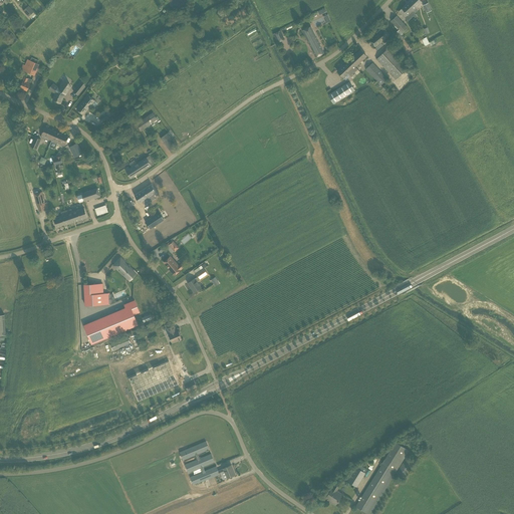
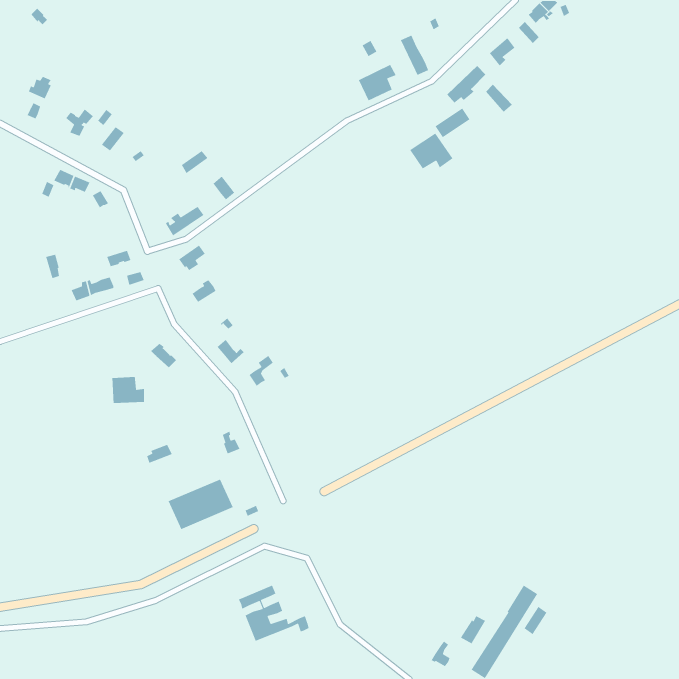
building: [376,46,408,79] -> none
building: none -> [358,64,397,102]
building: none -> [409,132,453,170]
building: [83,300,140,344] -> none

